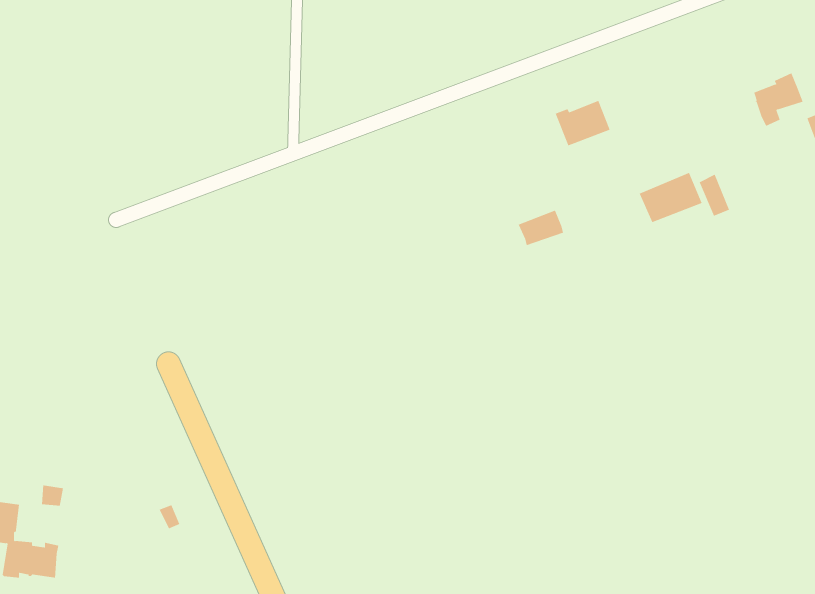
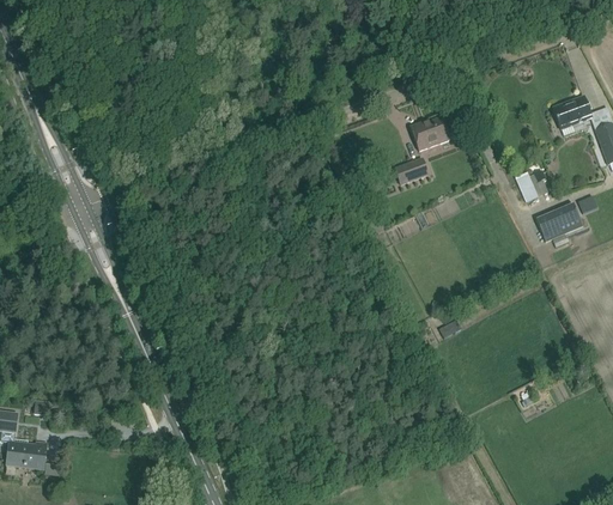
building: [639,172,702,223] -> [536,202,583,239]
building: [518,210,564,246] -> [394,157,427,183]

